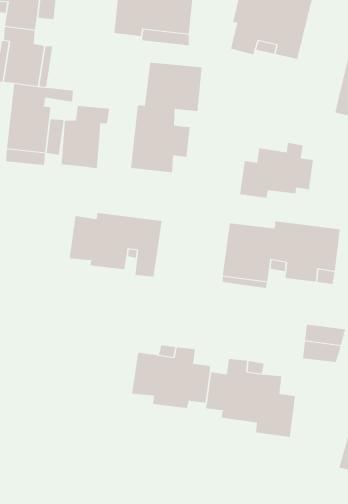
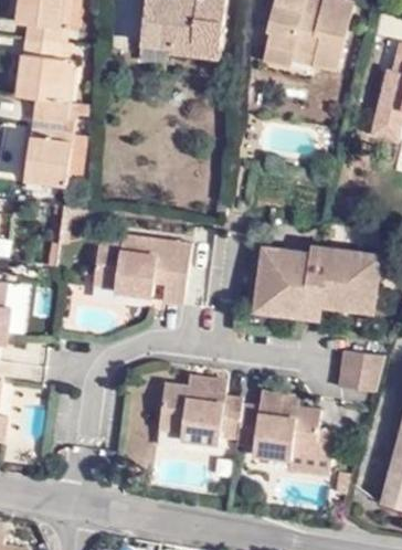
building: [130,62,202,173] -> none
building: [61,105,110,169] -> none
building: [240,142,313,198] -> none

